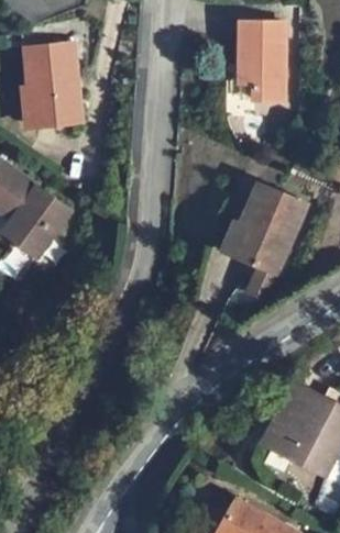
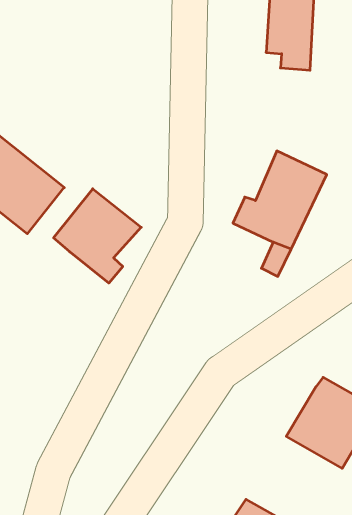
building: [21,45,76,130] -> none
building: none -> [54,189,141,283]

